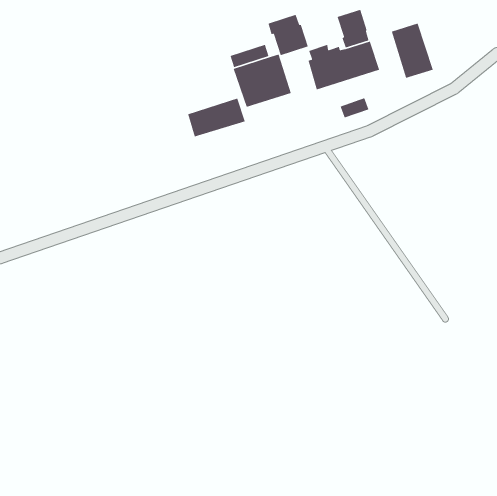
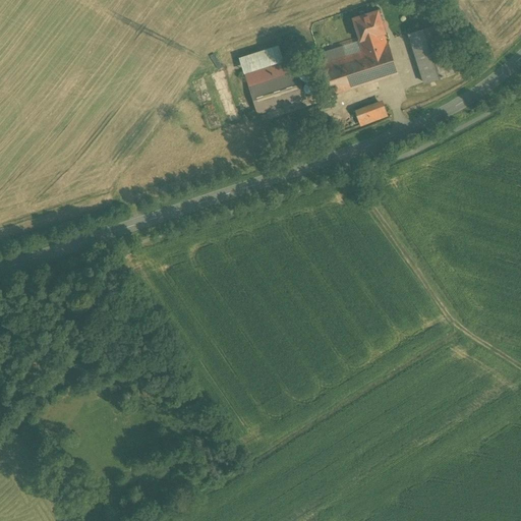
building: [267,14,309,56] -> none
building: [187,97,246,137] -> none

